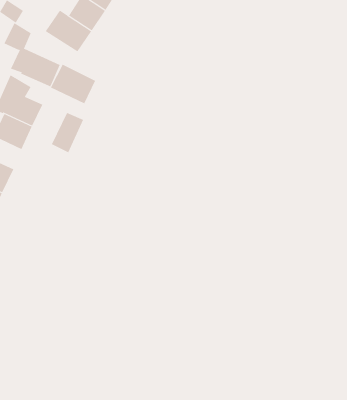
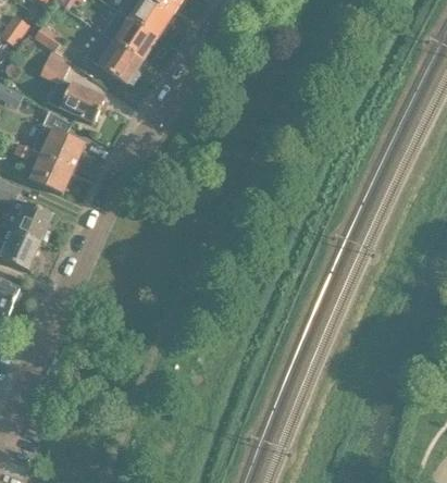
building: [50,64,96,104] -> none
building: [51,112,84,153] -> none

